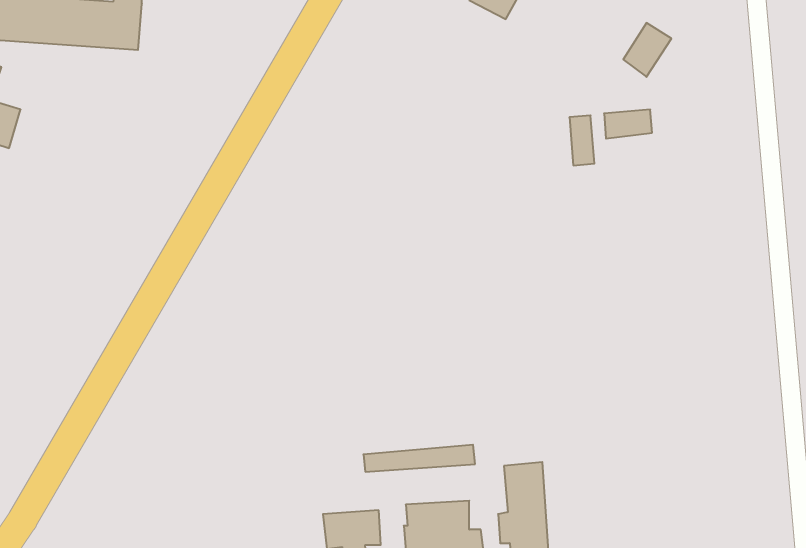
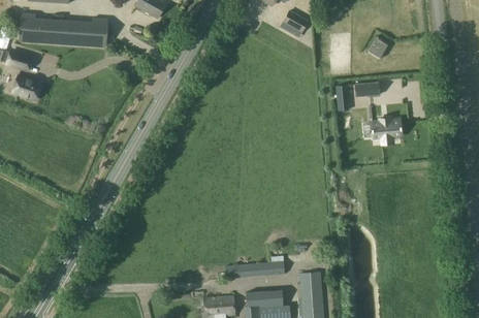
building: none -> [371,117,401,138]

